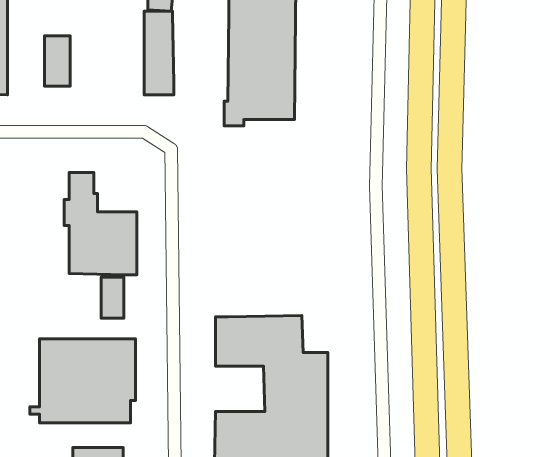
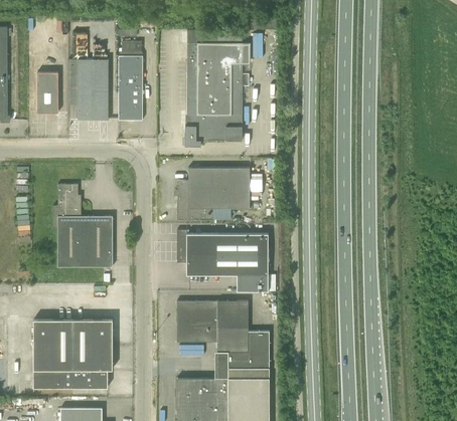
building: none -> [67,58,109,120]
building: none -> [177,167,250,219]
building: none -> [177,229,268,290]
building: [101,277,124,318] -> none

